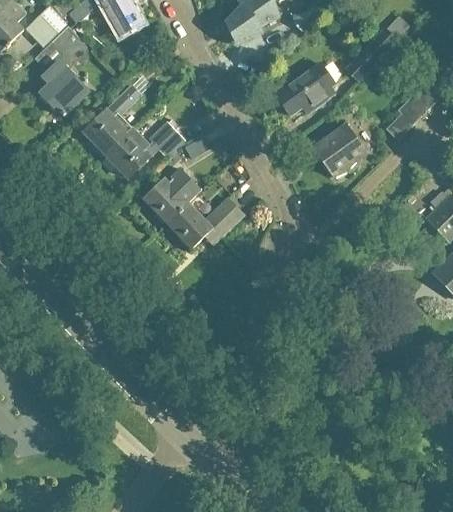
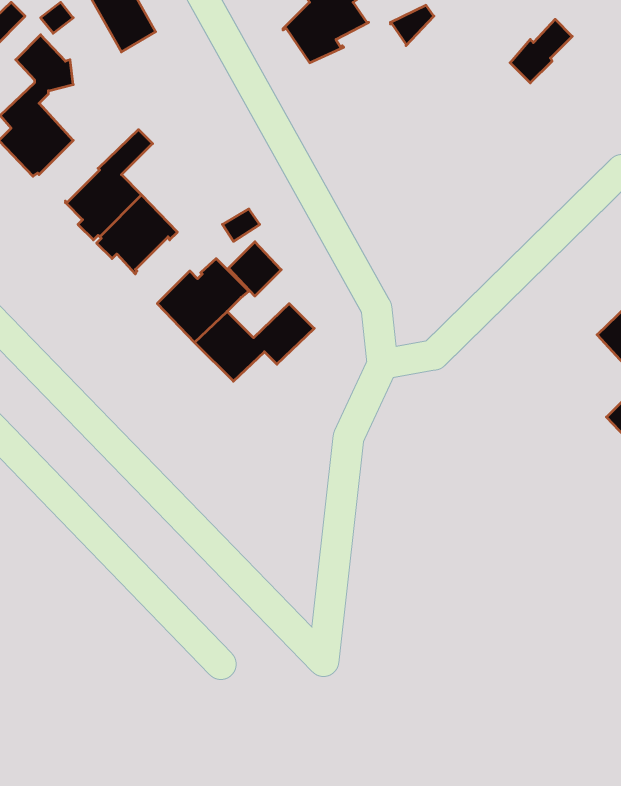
building: [276,64,334,115] -> none
building: [398,92,430,124] -> none
building: [151,122,185,157] -> [228,242,281,296]
building: [313,124,366,177] -> none

